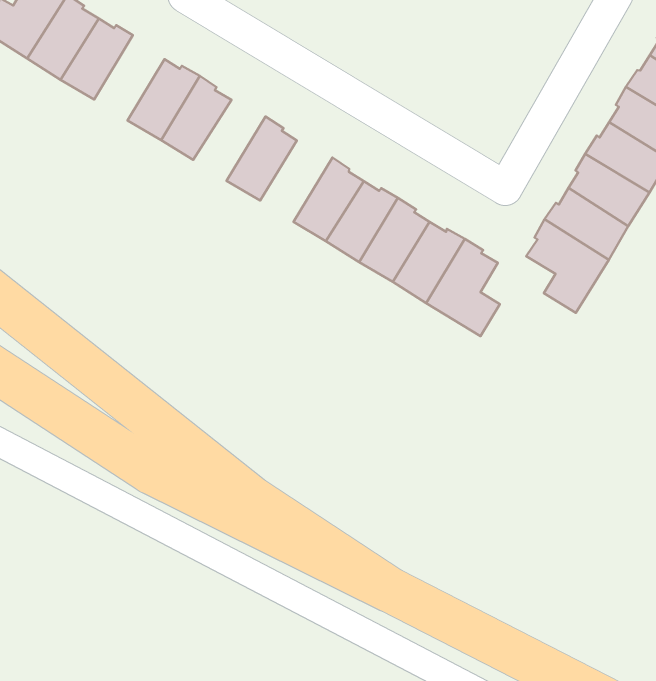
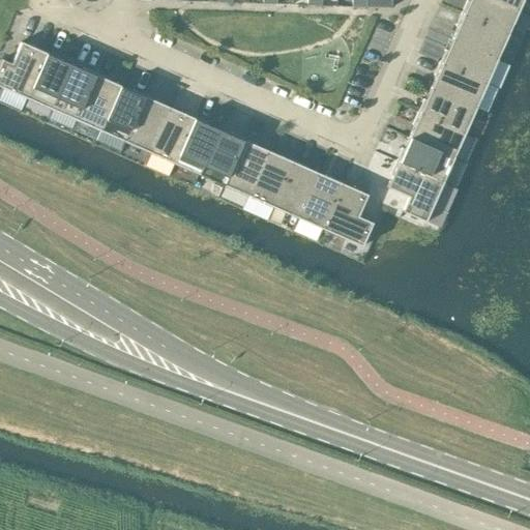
building: none -> [79,75,123,134]
building: none -> [152,110,198,166]
building: none -> [202,131,247,187]

